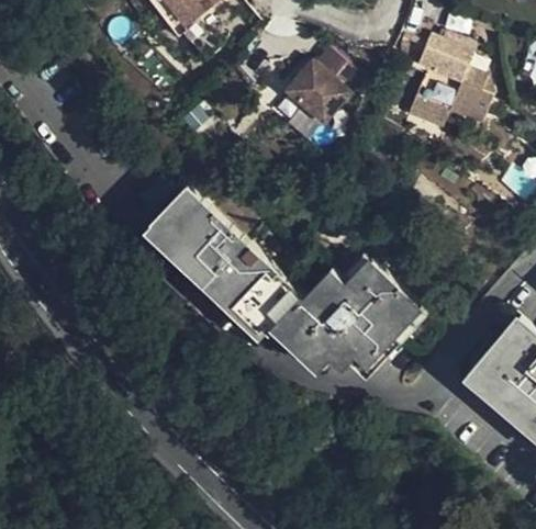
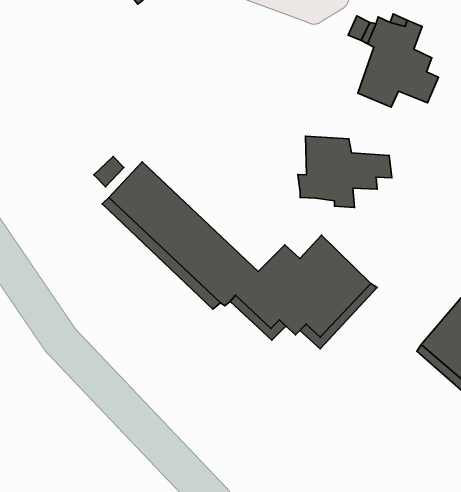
building: [284,52,359,125] -> none
building: none -> [298,136,392,207]

